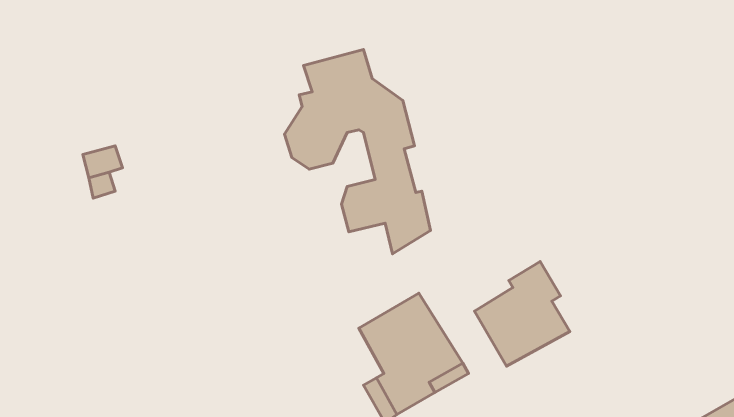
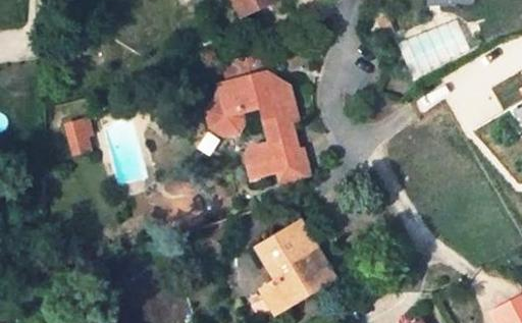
building: [474,262,570,366] -> none

